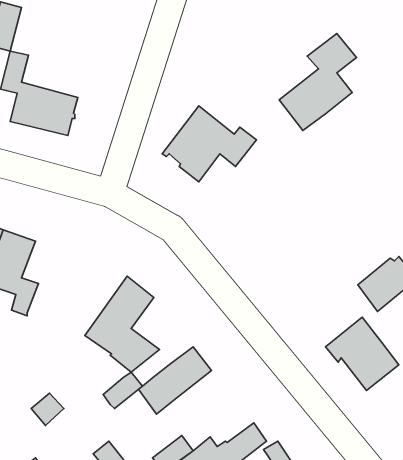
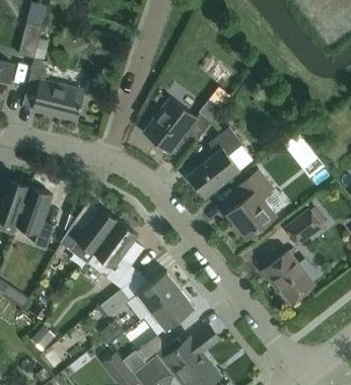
building: [279,34,356,131] -> [187,129,242,199]
building: none -> [226,171,274,238]
building: none -> [58,209,118,264]
building: none -> [150,290,194,331]

